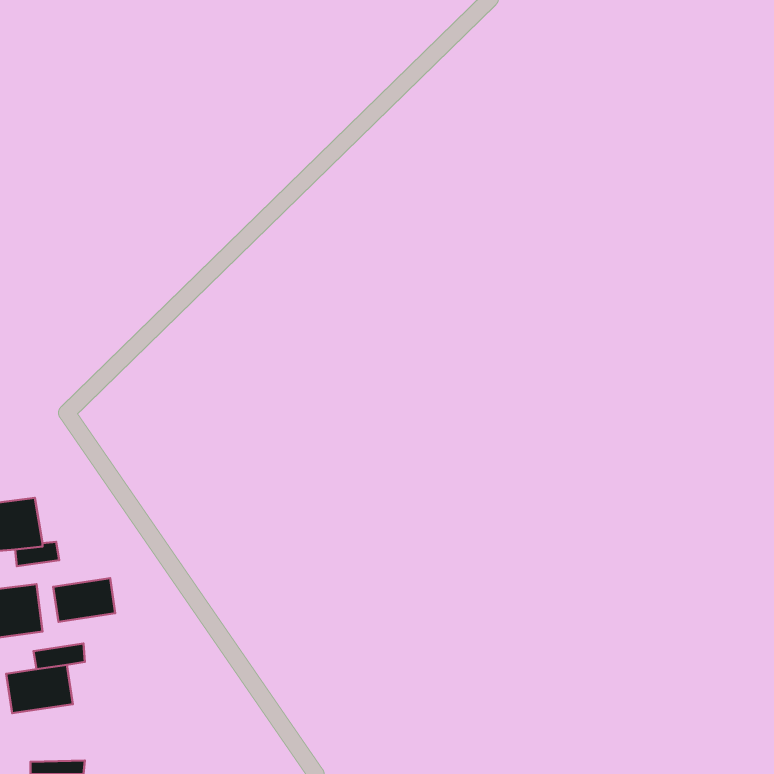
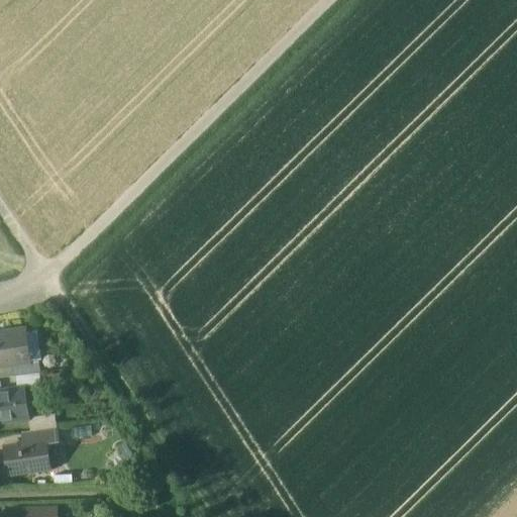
building: [53,578,115,622] -> none

